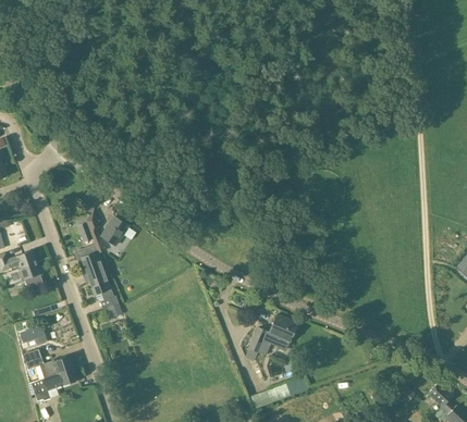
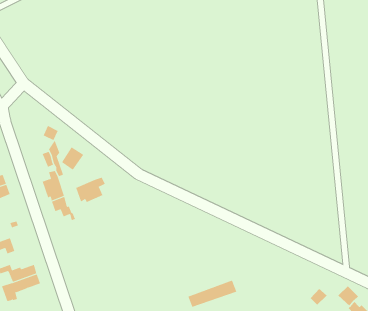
building: none -> [75,177,106,203]
building: [249,313,298,355] -> none

